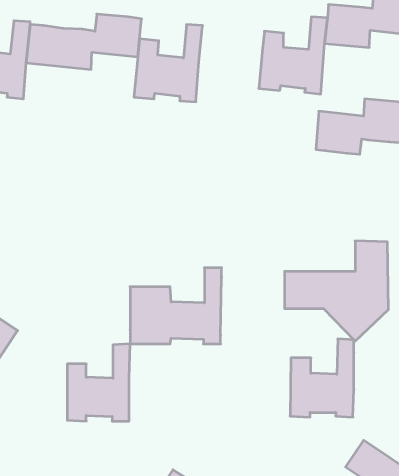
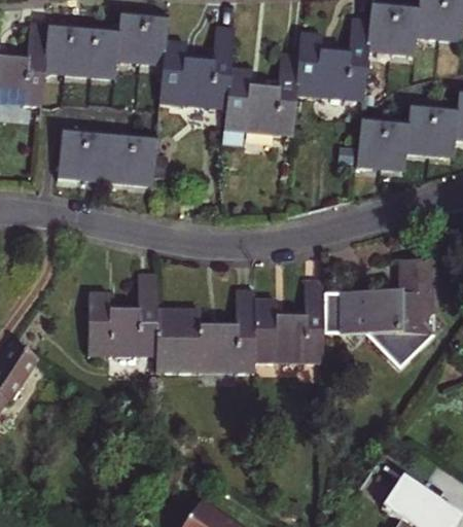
building: none -> [225,51,299,137]
building: none -> [60,132,157,182]
building: [290,339,354,417] -> [254,279,323,363]
building: [67,344,130,421] -> [90,273,157,356]

